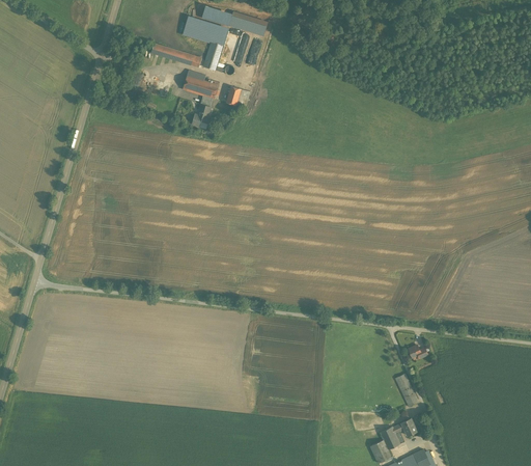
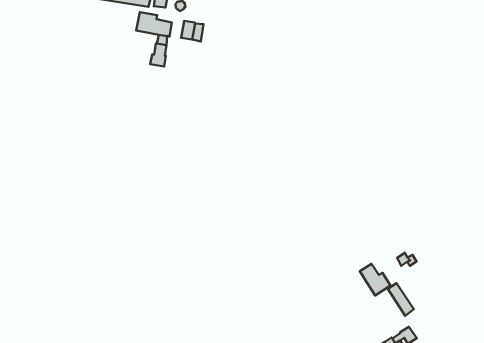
building: none -> [360,264,390,295]

